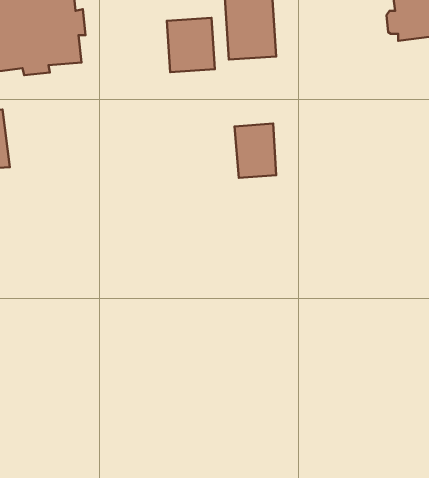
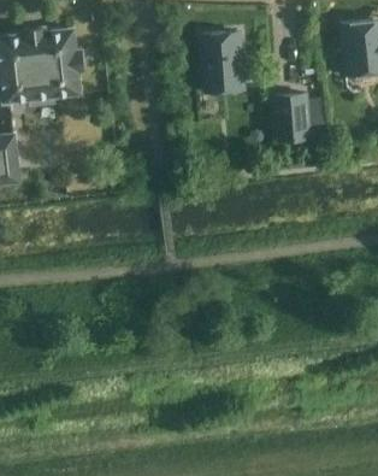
building: [167,18,215,72] -> none
building: [235,123,276,178] -> [274,94,309,140]

